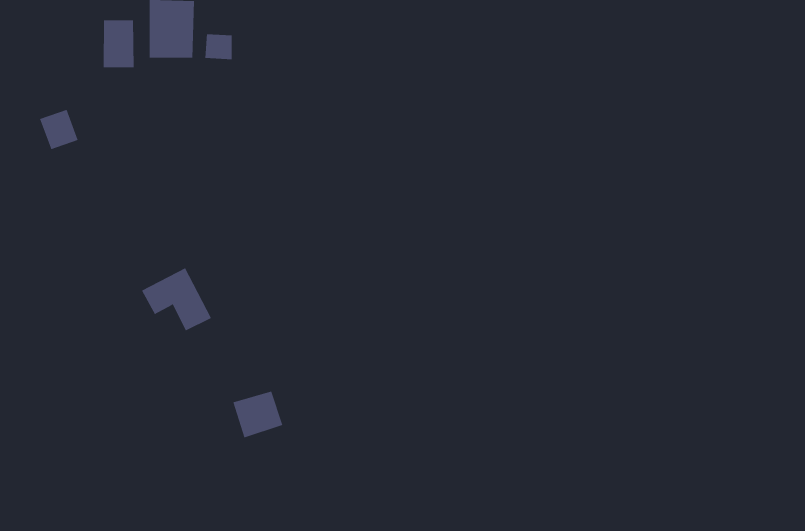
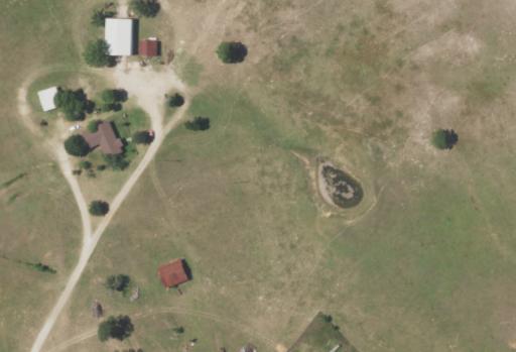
building: [103,19,134,68] -> none
building: [141,267,212,331] -> [81,119,124,158]

